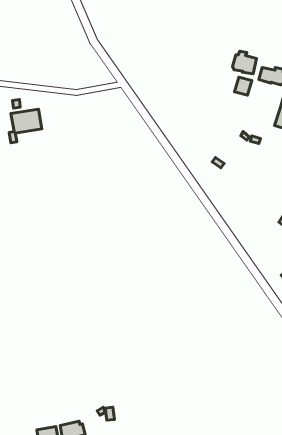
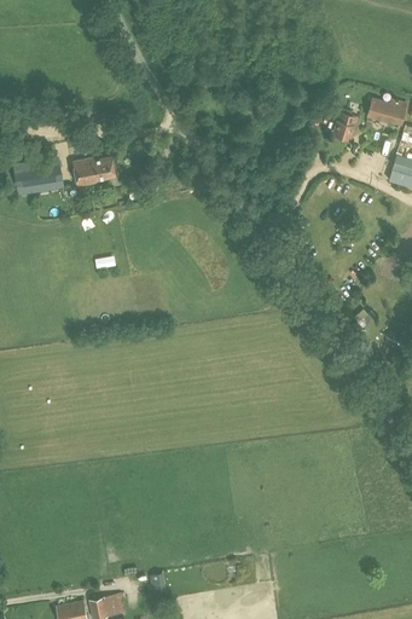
building: [232,51,257,74] -> none
building: none -> [71,157,115,187]

